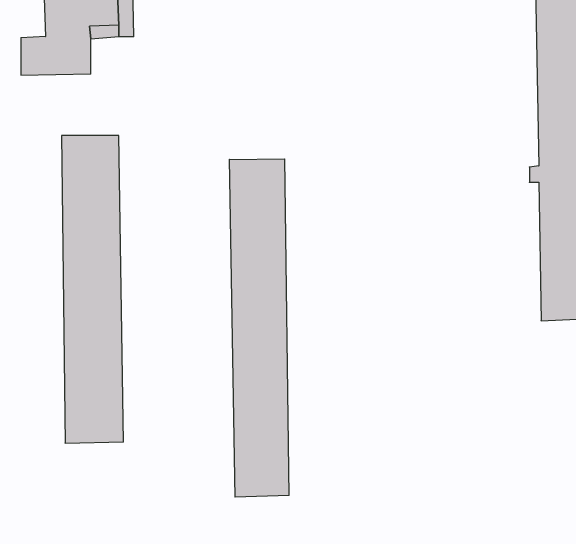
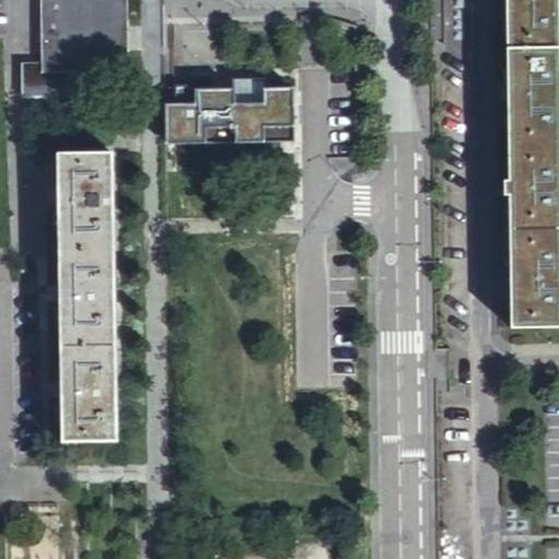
building: none -> [165,76,293,142]
building: [229,159,289,497] -> none

